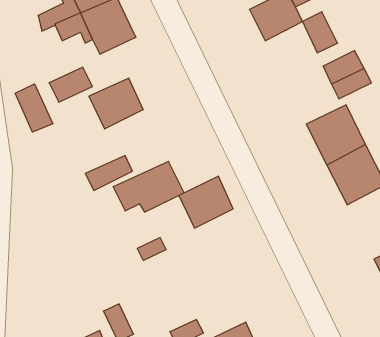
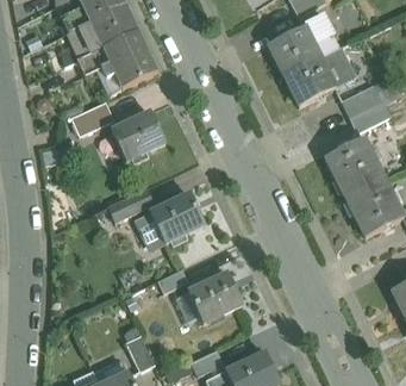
building: none -> [285,55,336,104]
building: [15,84,53,132] -> none
building: [179,176,233,228] -> [188,272,242,323]

